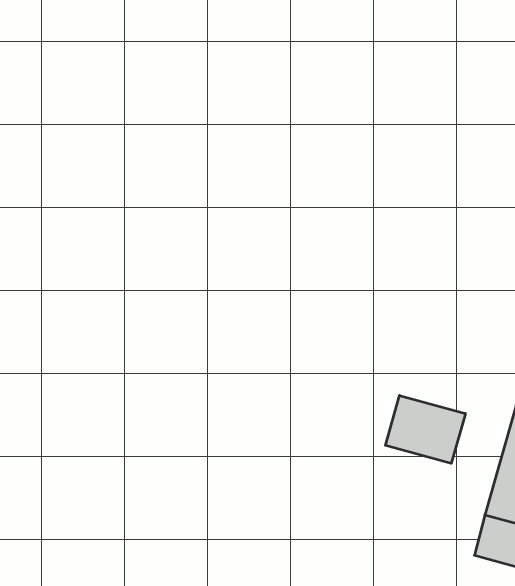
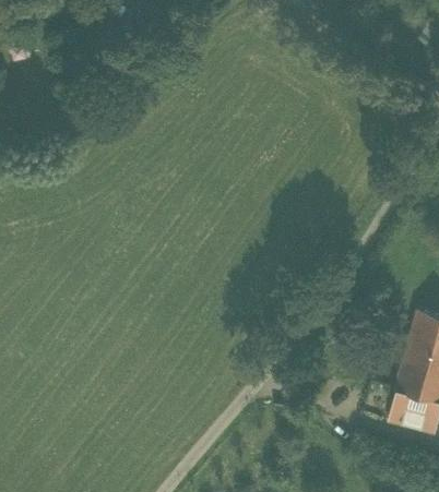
building: [385,395,465,463] -> none

